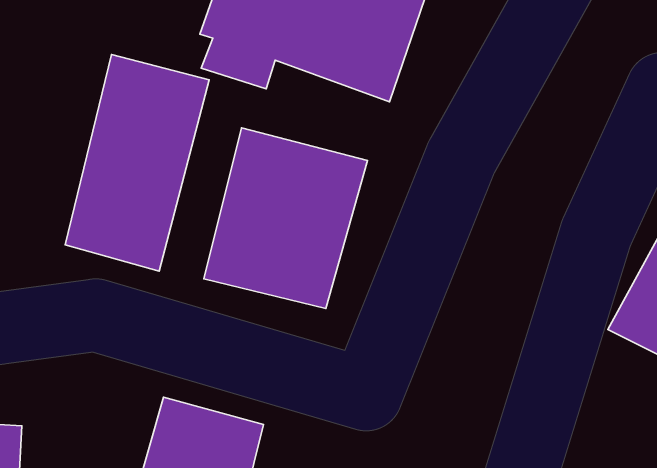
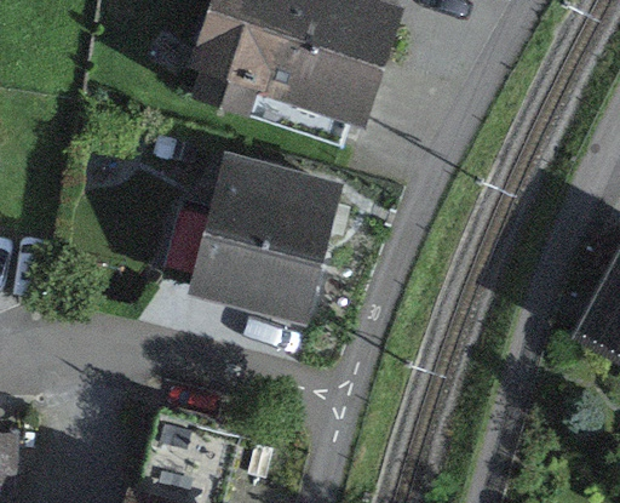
building: [65,55,209,271] -> none

